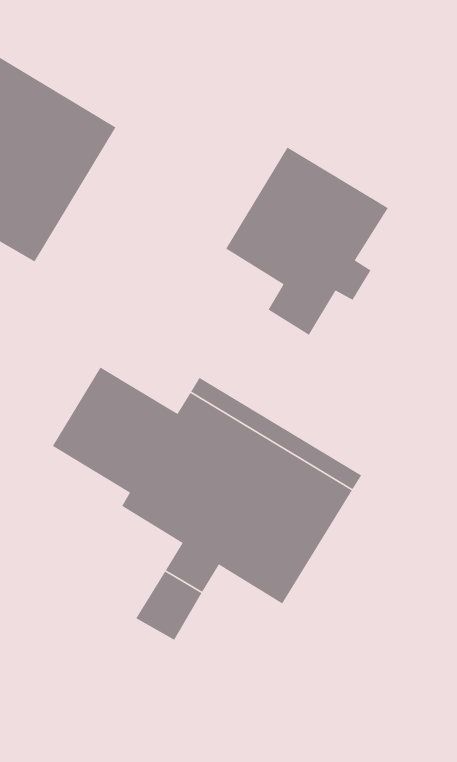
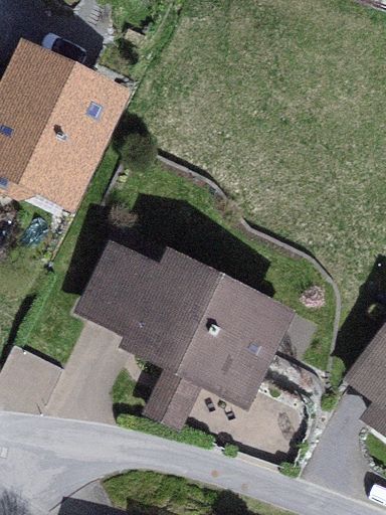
building: [225,146,389,336] -> none

